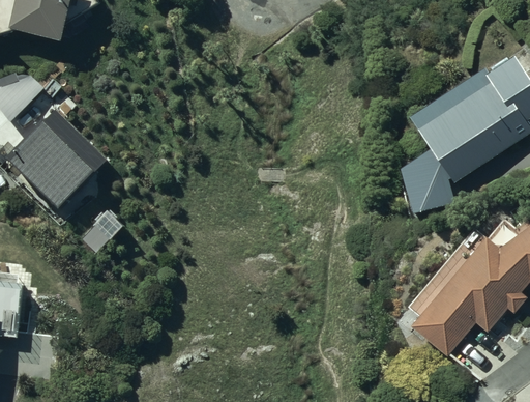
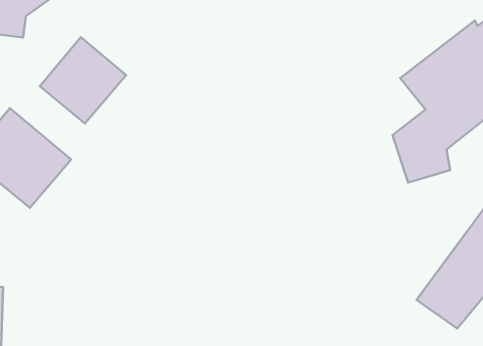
building: none -> [40,37,126,123]

